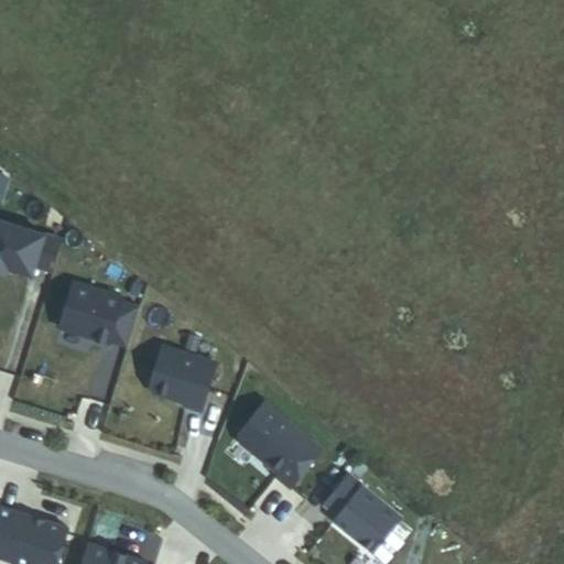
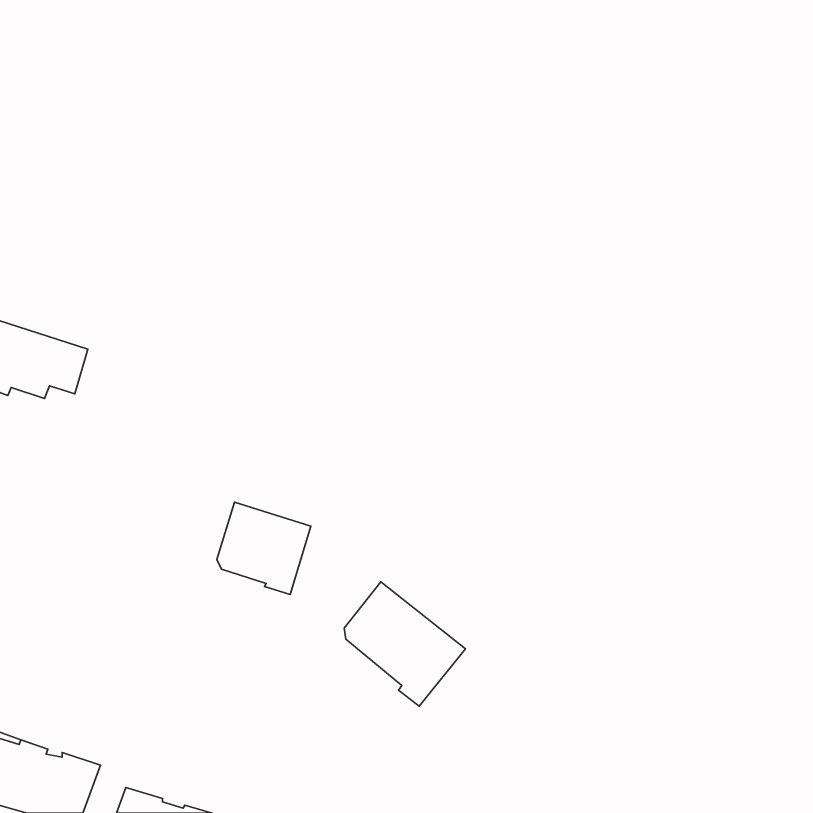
building: [54,283,139,352] -> none
building: [324,475,401,552] -> none

